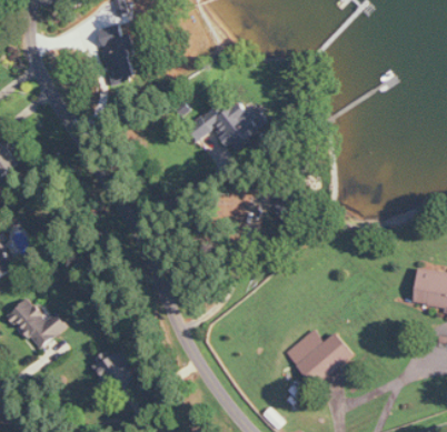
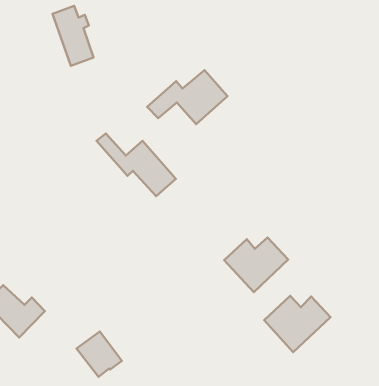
building: none -> [96,133,176,196]
building: none -> [224,237,288,292]

